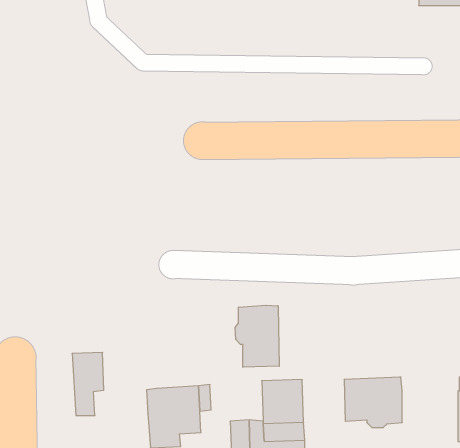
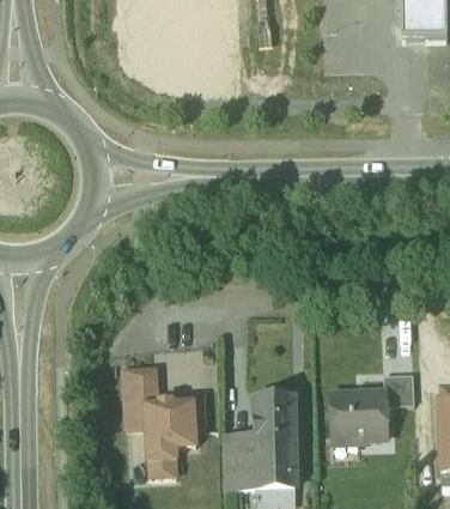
building: [235,305,279,367] -> none
building: [72,352,104,416] -> [123,366,153,426]
building: none -> [383,372,414,405]

